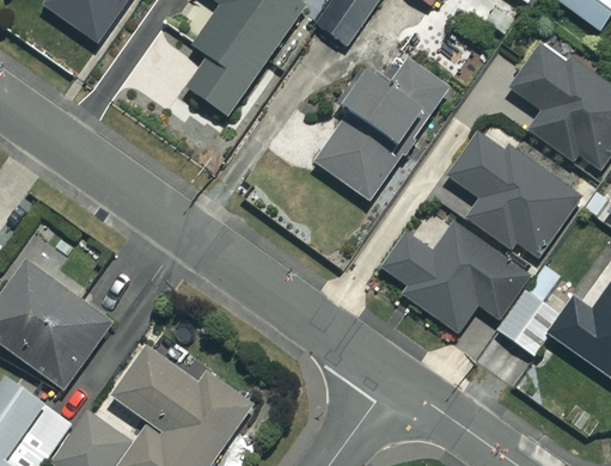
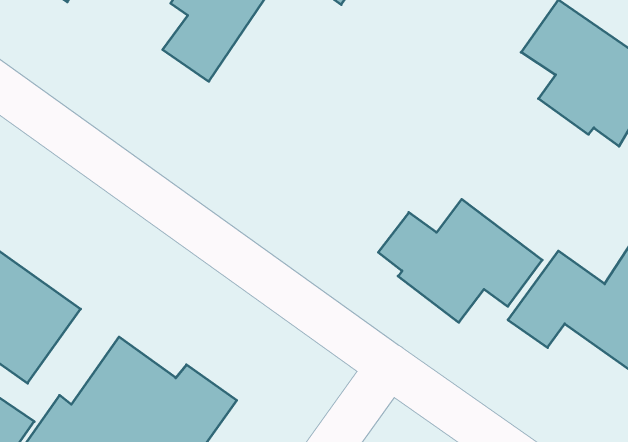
building: [312,56,451,201] -> none
building: [448,129,580,258] -> none

